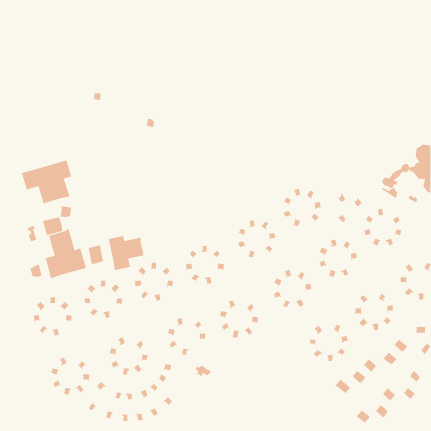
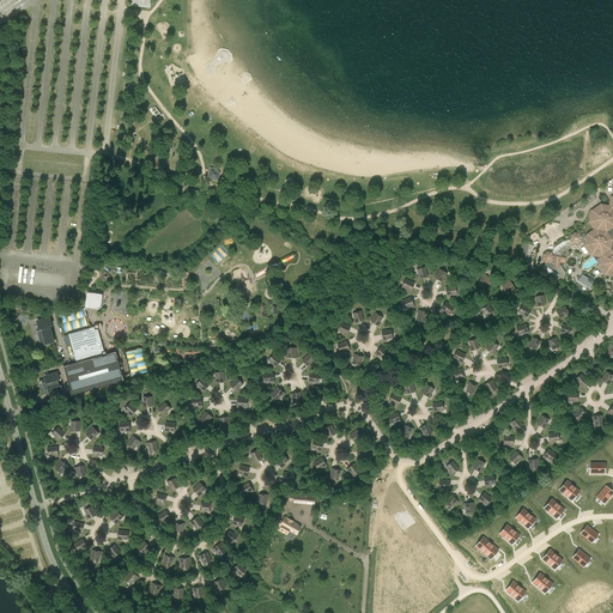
building: [21,160,72,204] -> none
building: [108,235,144,271] -> none

